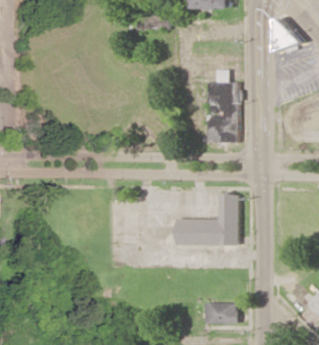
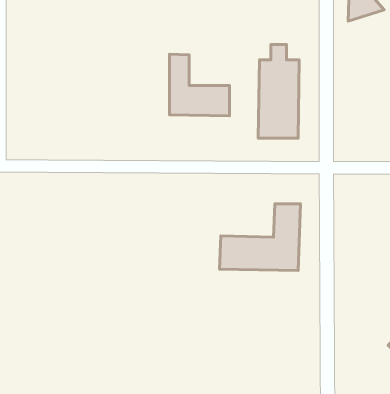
building: none -> [169,54,229,116]
building: [204,303,238,324] -> none

